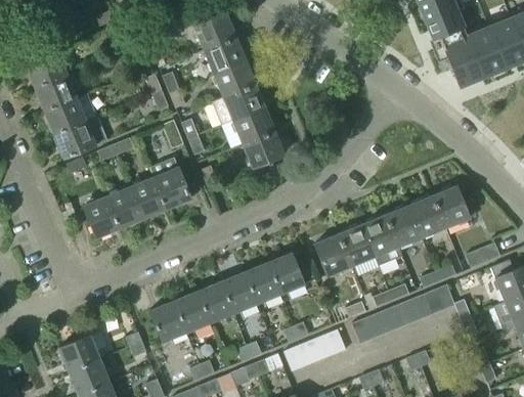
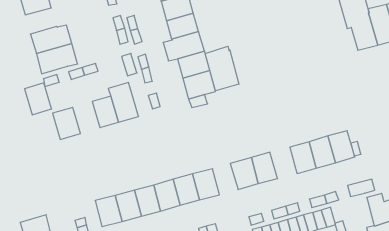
building: [36,74,77,109] -> none
building: none -> [205,46,239,91]
building: [108,185,145,227] -> [25,83,52,115]
building: [362,215,403,265] -> none

